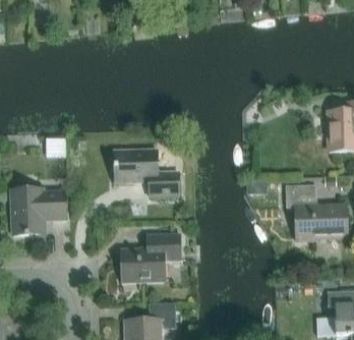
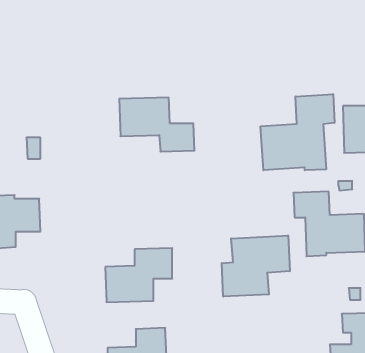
building: none -> [261,94,334,170]
building: [114,148,179,194] -> [119,98,195,152]
building: none -> [222,235,290,297]

